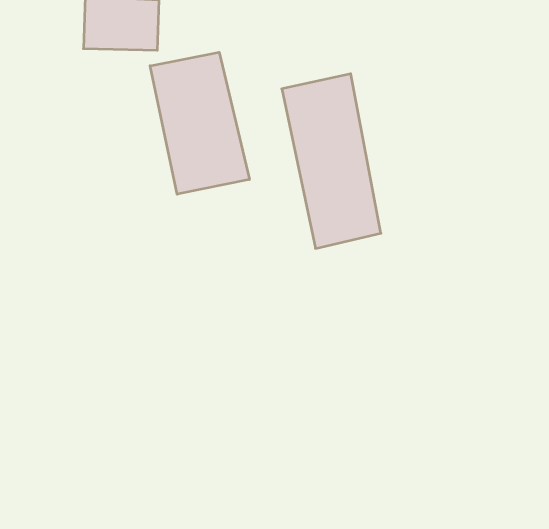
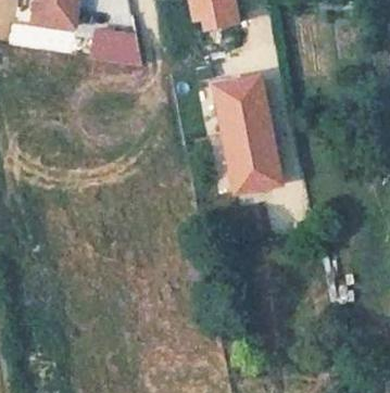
building: [150,52,249,194] -> none

